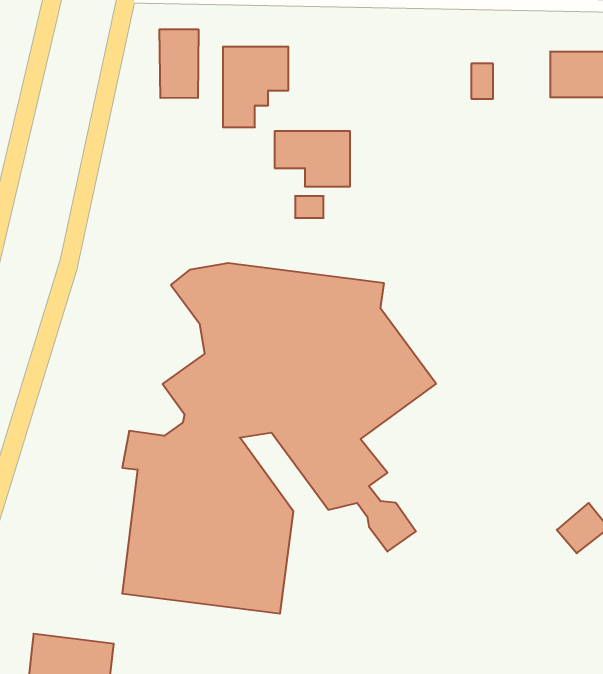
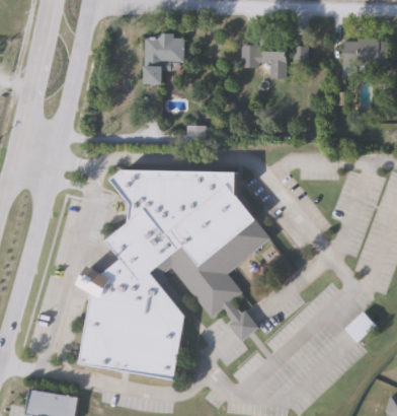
building: [159,29,198,98] -> none
building: [275,131,350,186] -> [240,45,286,78]

